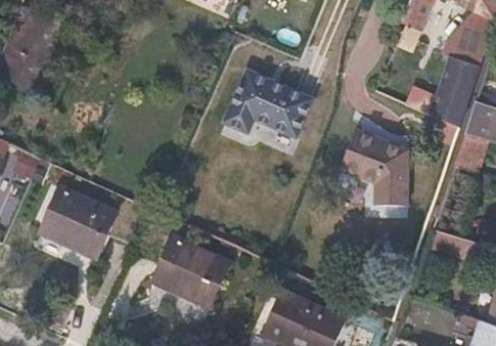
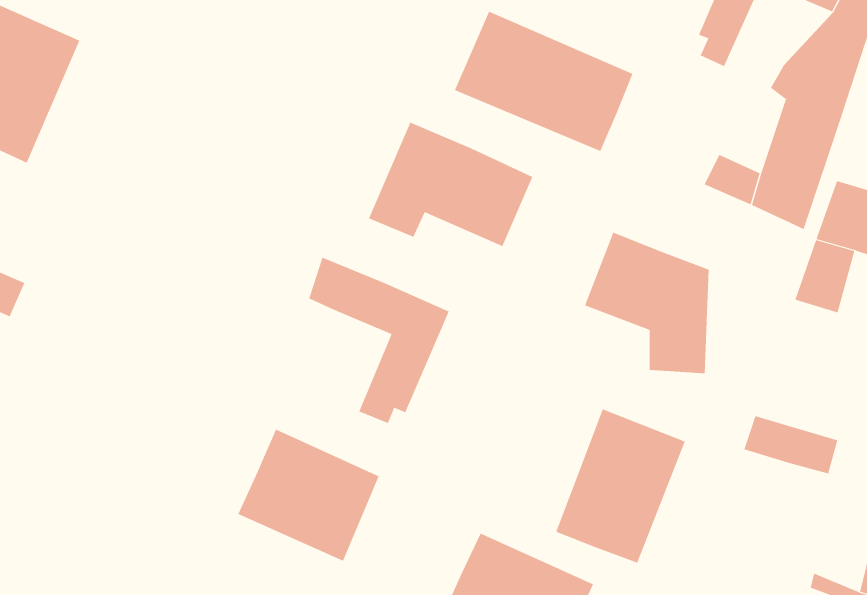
building: none -> [454,11,633,152]
building: none -> [308,257,449,424]
building: [41,187,118,258] -> none
building: none -> [556,409,686,563]

